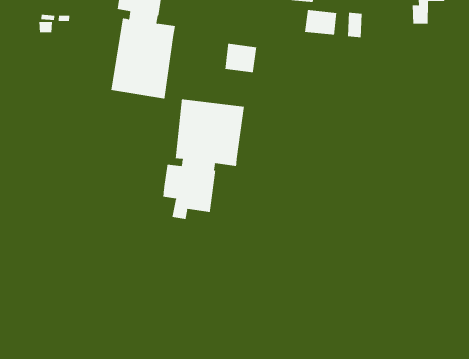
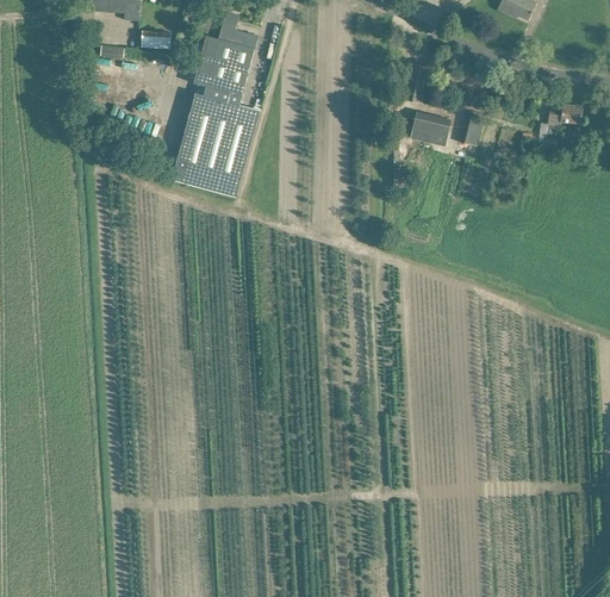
building: [225,43,257,73] -> none
building: [163,98,245,220] -> none

